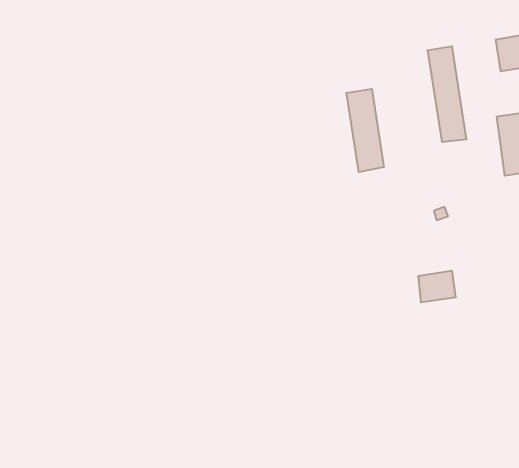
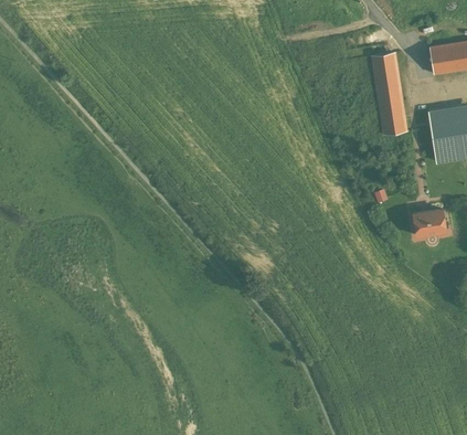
building: [346,89,384,172] -> none
building: [418,271,456,302] -> [412,210,444,236]

